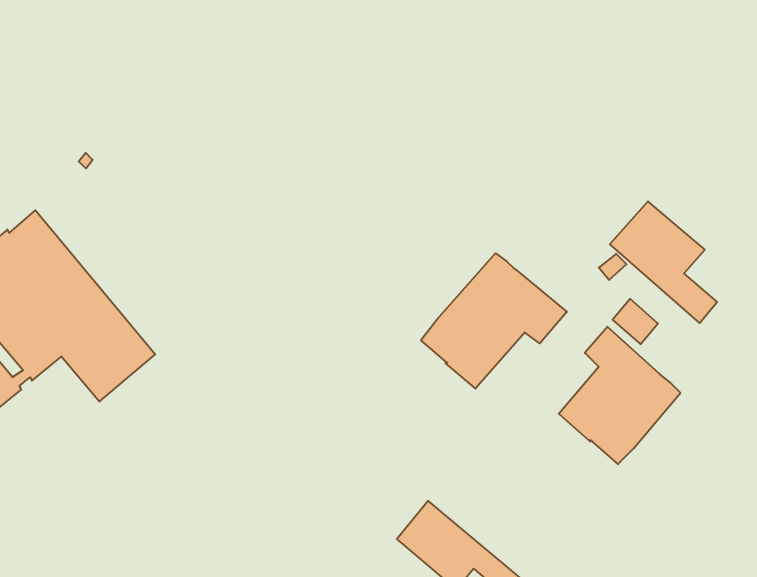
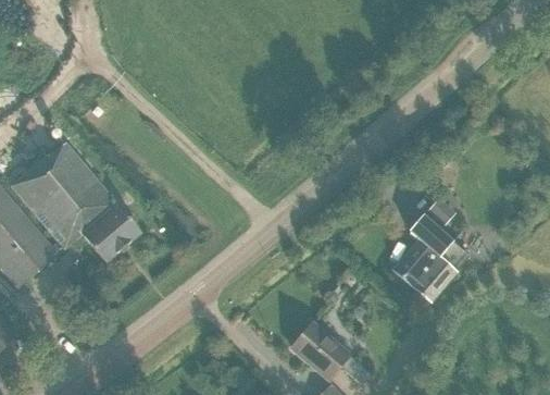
building: [610,201,717,323] -> none
building: [421,253,567,389] -> none

